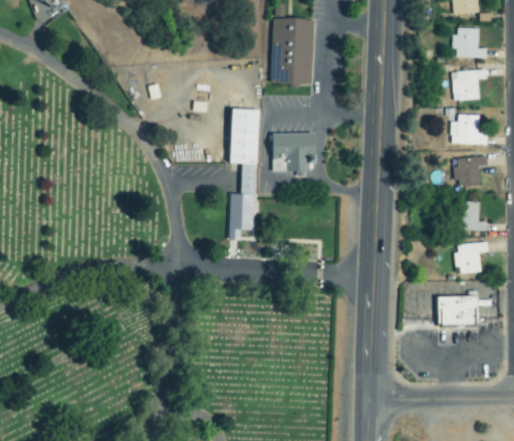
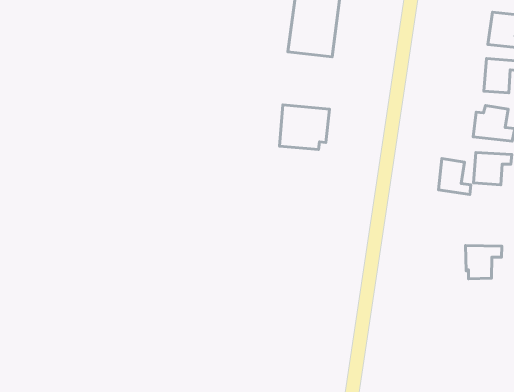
building: [228,108,258,240] -> none
building: [458,200,487,230] -> [438,159,471,194]
building: [438,295,479,326] -> none

